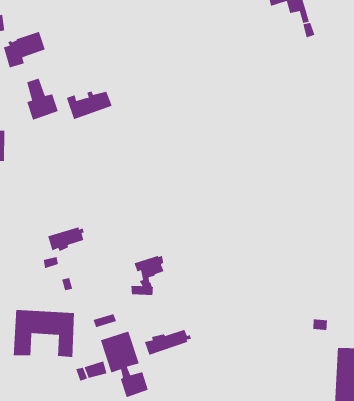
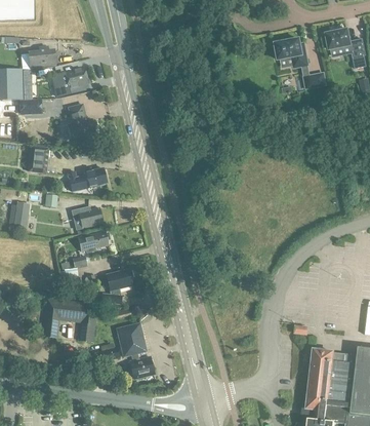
building: [66,91,113,120] -> [67,167,106,191]
building: none -> [71,206,101,228]
building: [130,255,165,296] -> [101,270,131,304]
building: [144,329,192,356] -> none

